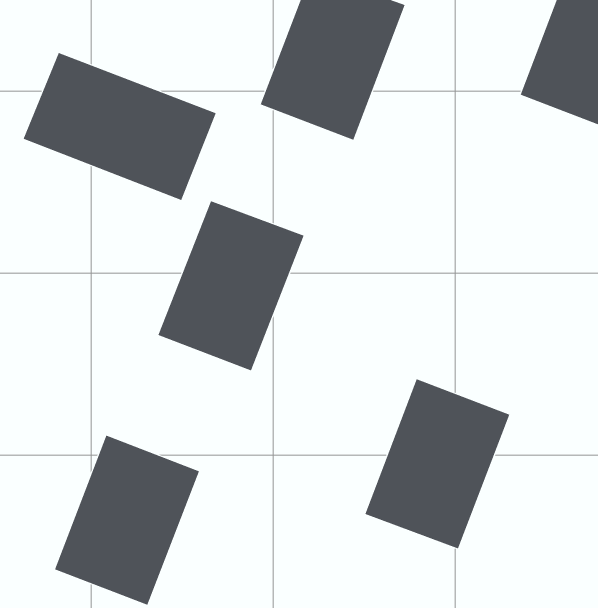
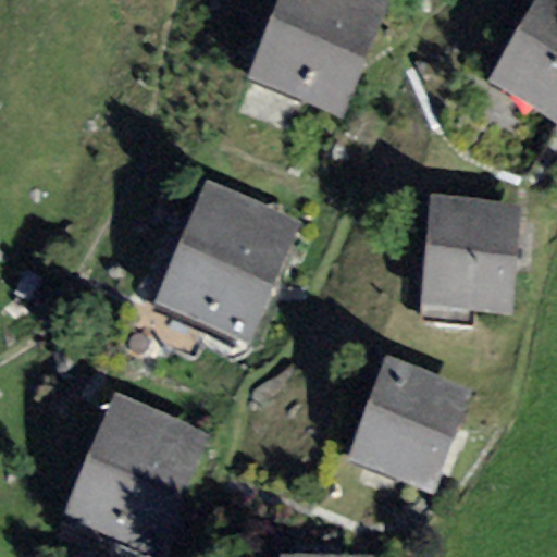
building: [23,52,216,201] -> none
building: none -> [406,182,537,337]

